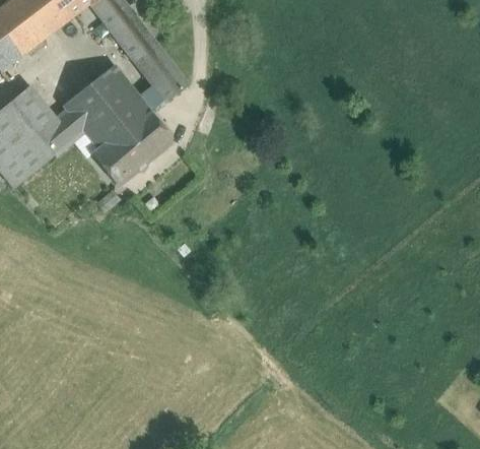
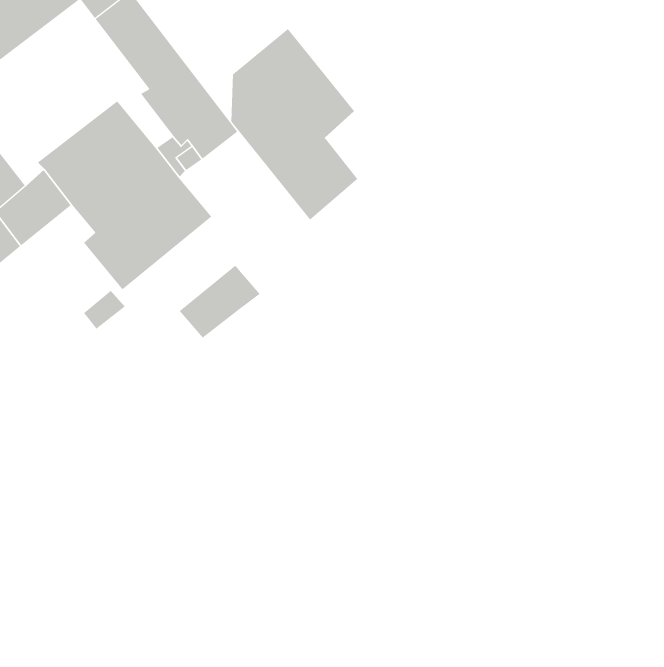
building: none -> [231,28,358,220]
building: none -> [179,265,261,339]

